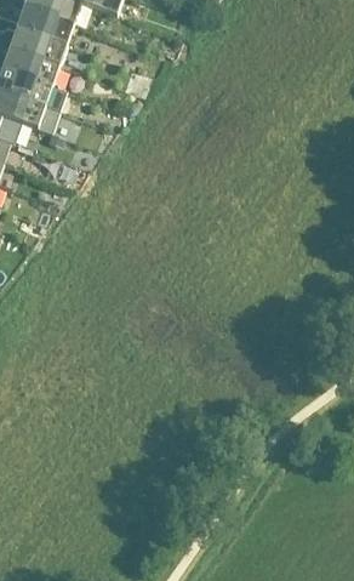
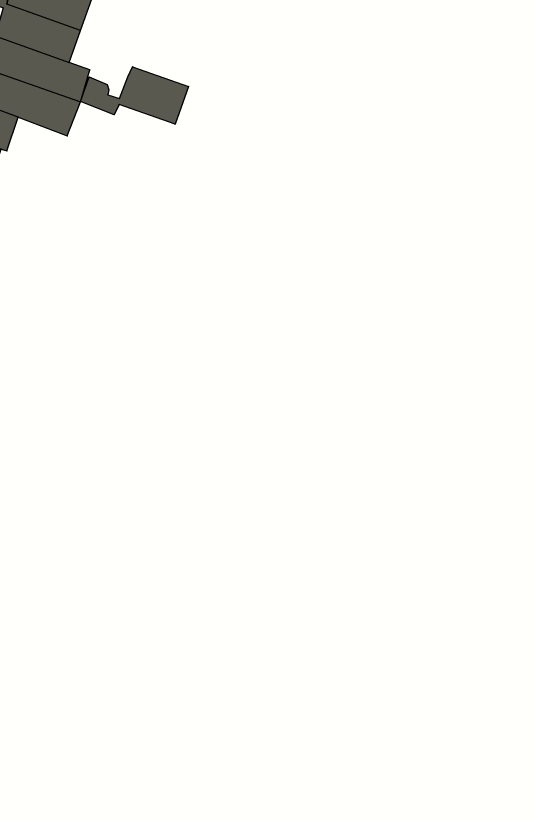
building: none -> [81,67,189,124]

